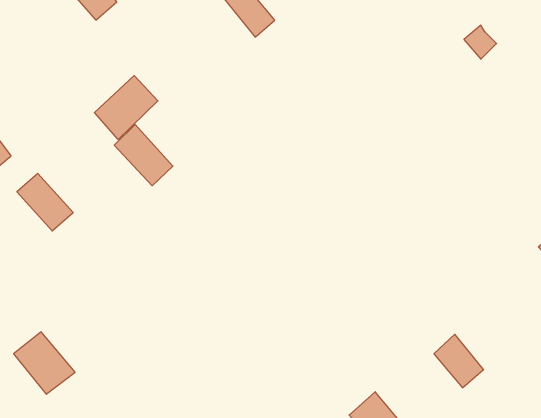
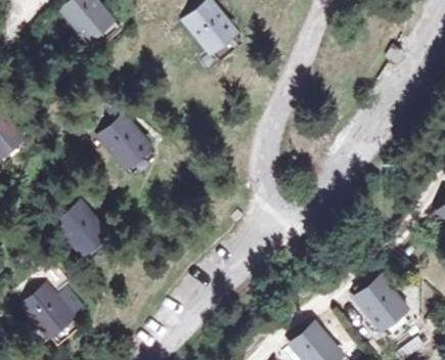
building: [94,76,158,139] -> none
building: [17,173,73,231] -> [60,204,104,249]

